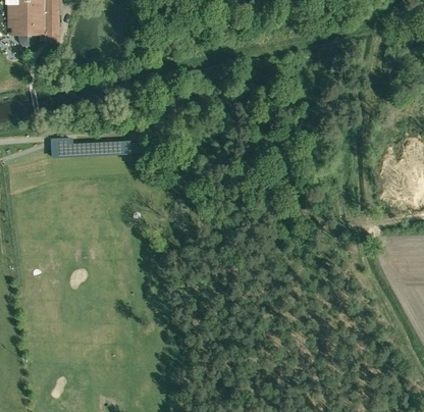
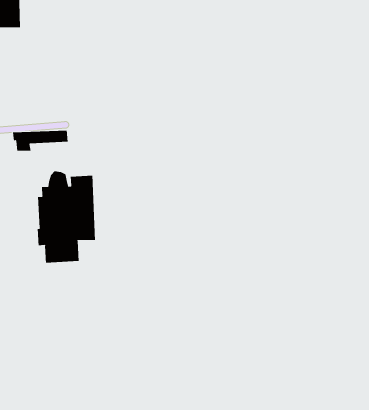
building: none -> [37,170,96,264]

